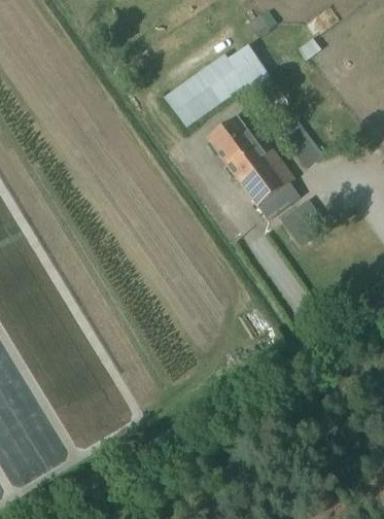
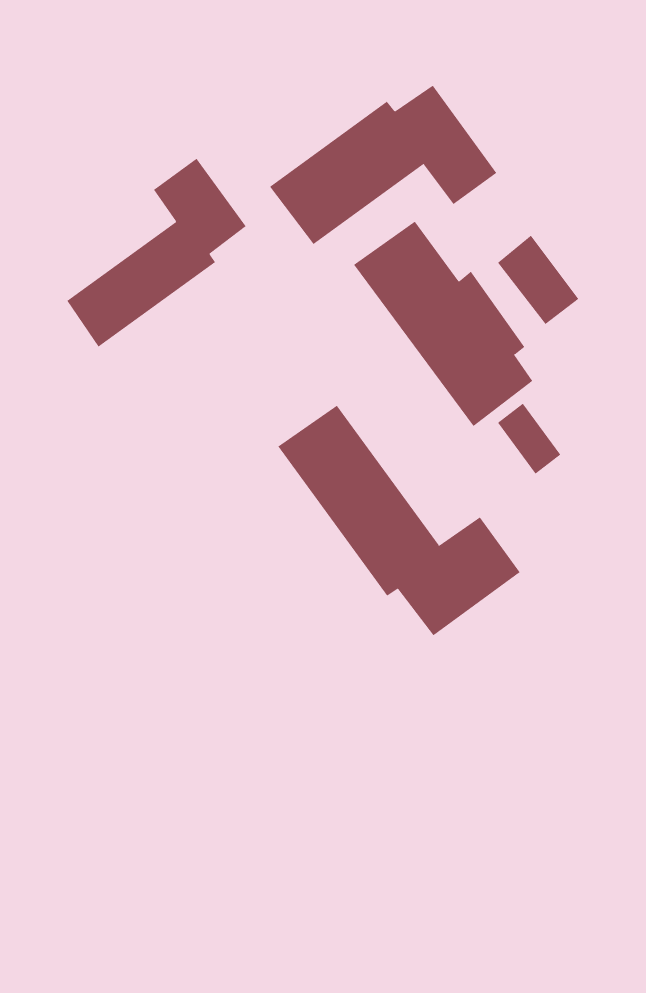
building: none -> [66,158,247,347]
building: none -> [277,405,521,636]

